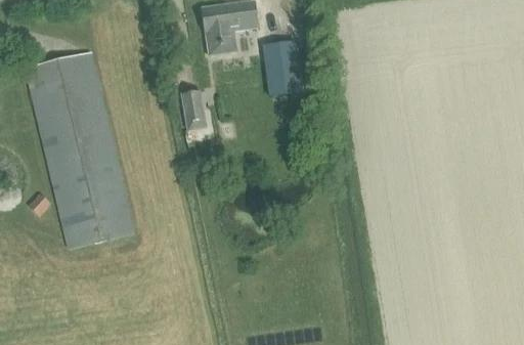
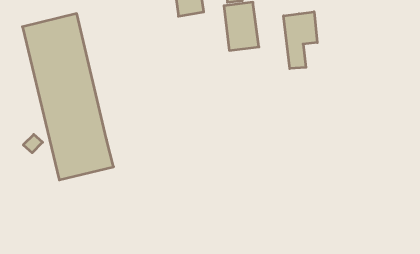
building: none -> [284,12,317,69]
building: [180,89,207,130] -> none

